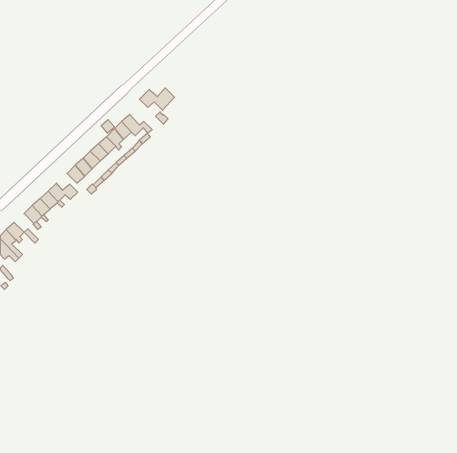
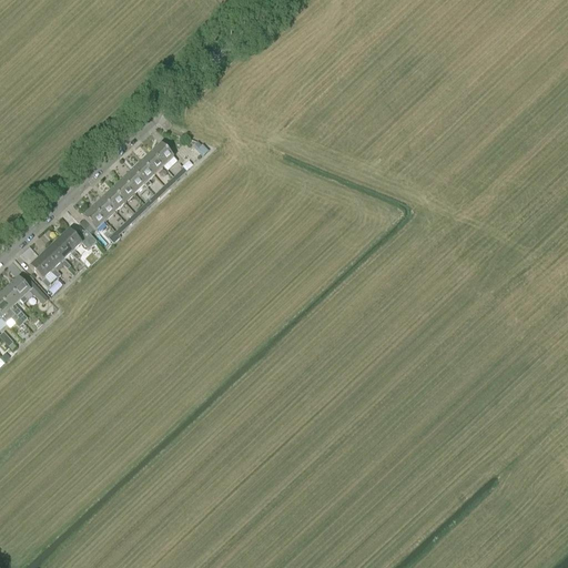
building: [140,88,175,110] -> none

